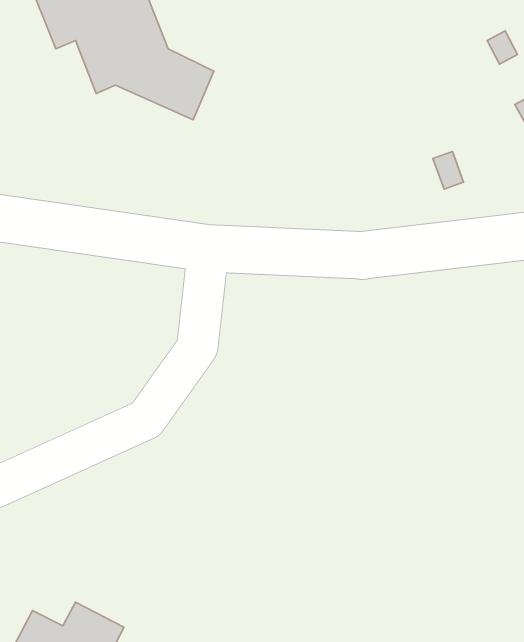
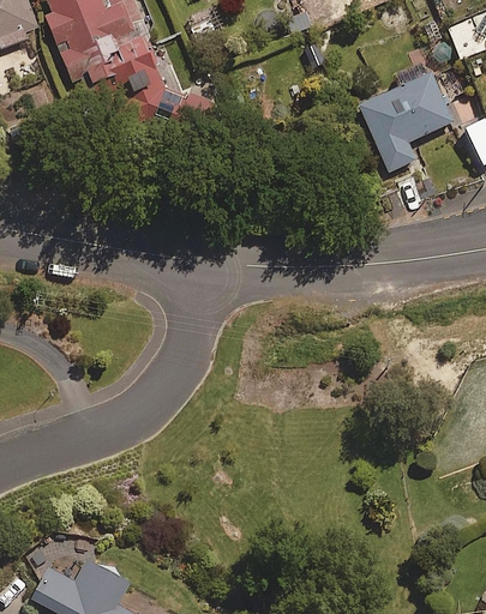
building: none -> [359,71,452,169]

